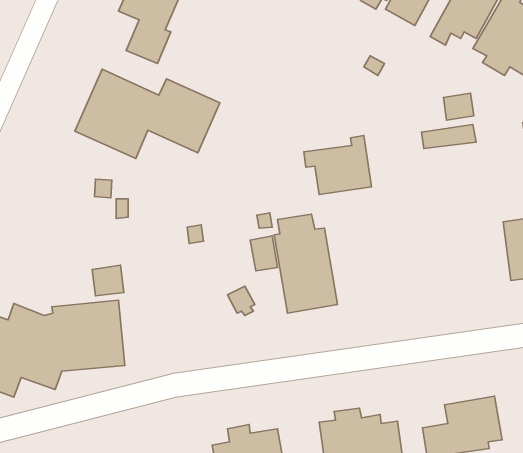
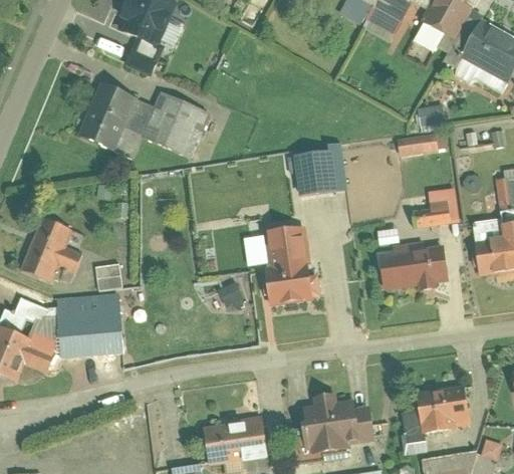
building: none -> [414,188,461,227]
building: none -> [21,216,82,284]
building: none -> [373,226,451,292]

